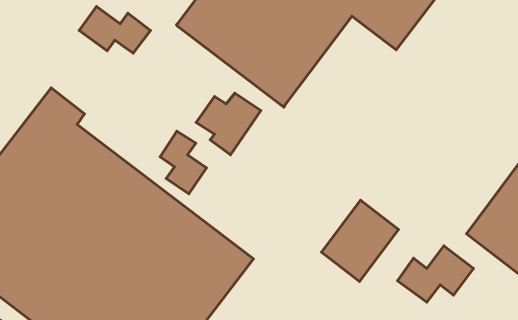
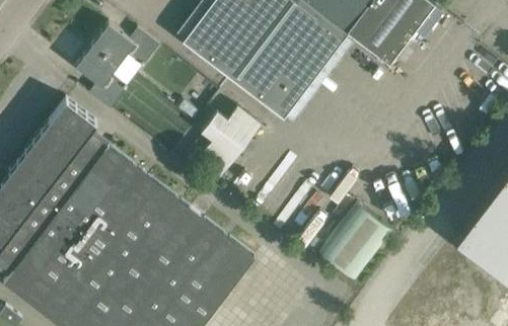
building: none -> [75,46,127,109]
building: [160,131,207,194] -> none
building: [398,246,474,302] -> none

